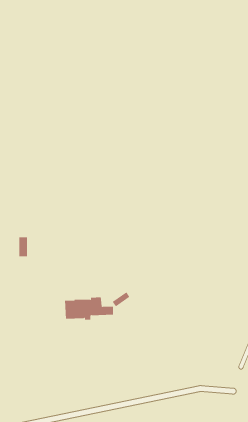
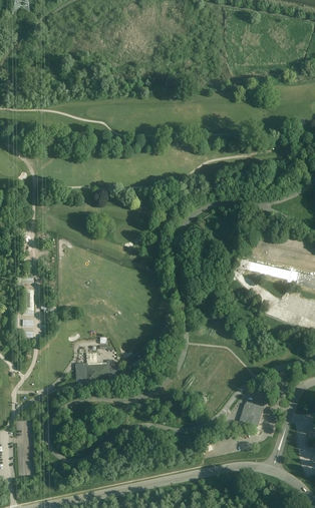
building: none -> [240,398,265,424]

